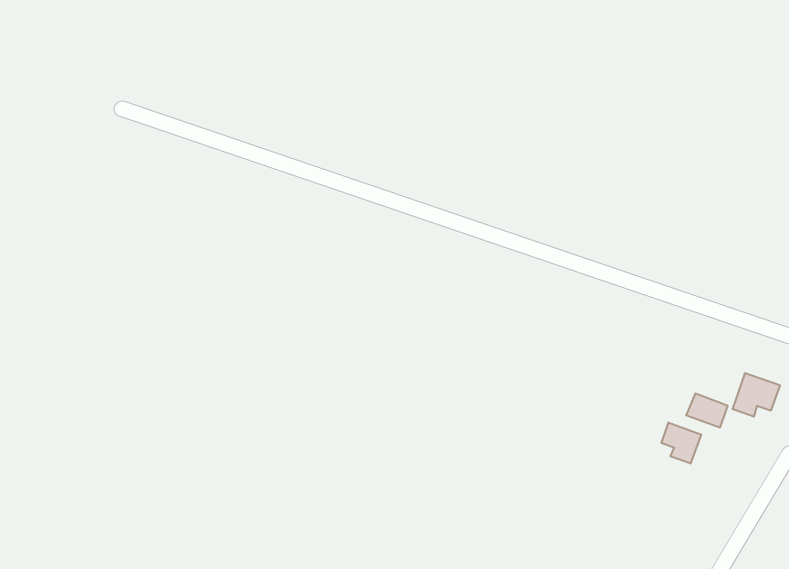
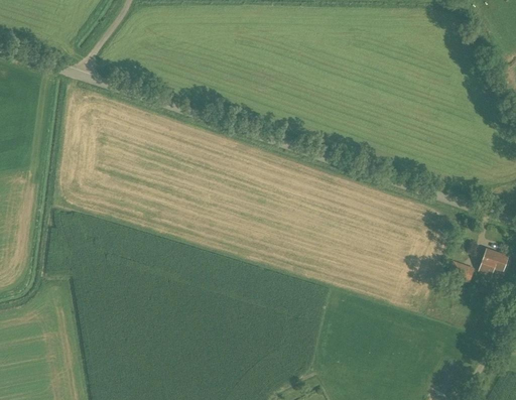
building: [661,422,701,464] -> none

